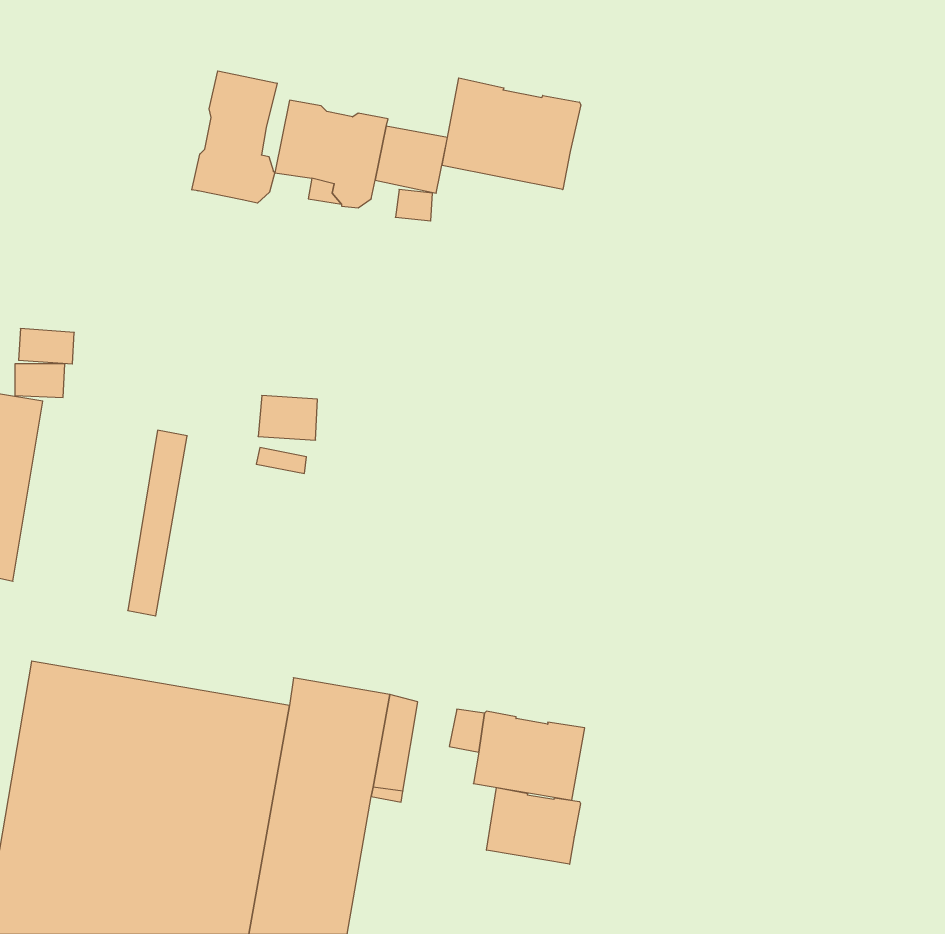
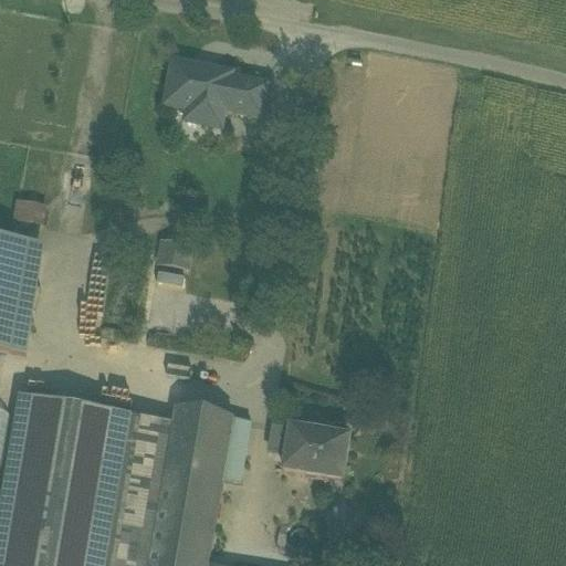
building: [192,71,277,203] -> none
building: [442,78,581,190] -> none
building: [128,430,187,616] -> [8,239,43,349]
building: [487,788,581,864] -> none

